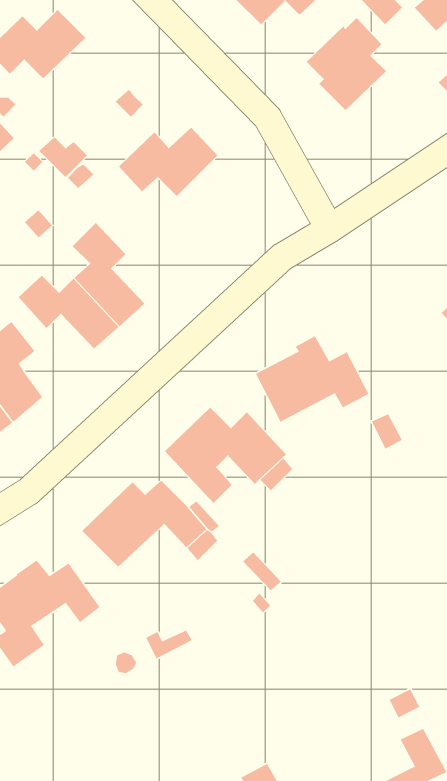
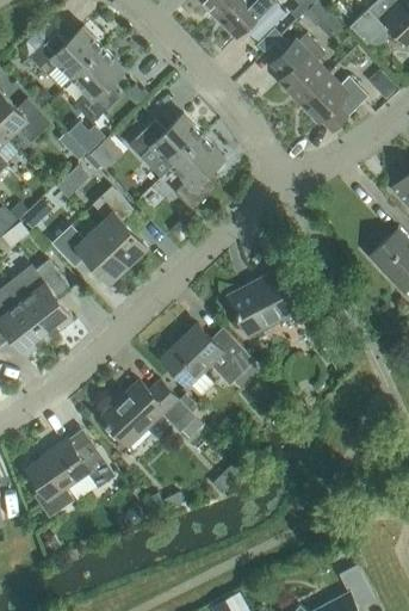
building: none -> [70,48,123,123]
building: none -> [297,73,367,131]
building: none -> [171,136,223,210]

